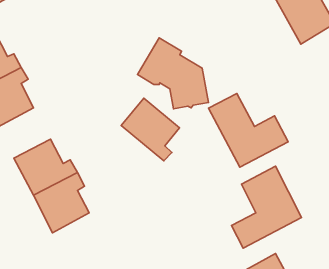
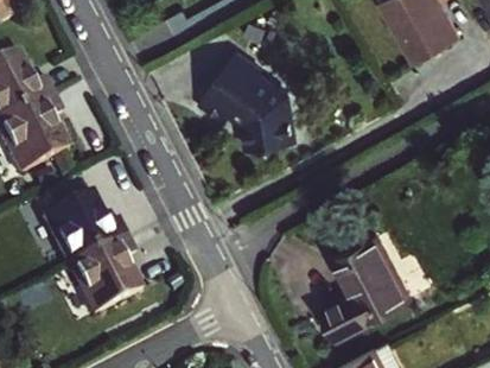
building: [209,94,288,167] -> none
building: [121,98,180,161] -> none

